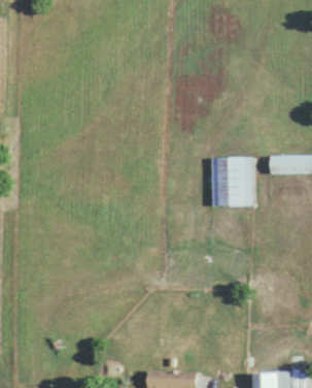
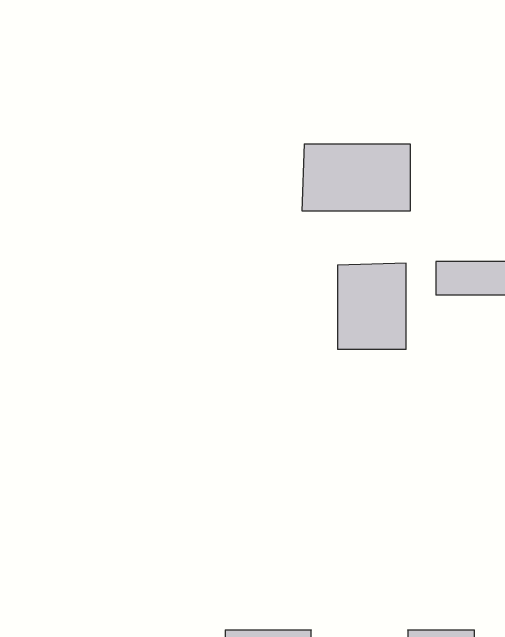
building: none -> [302,144,410,211]

